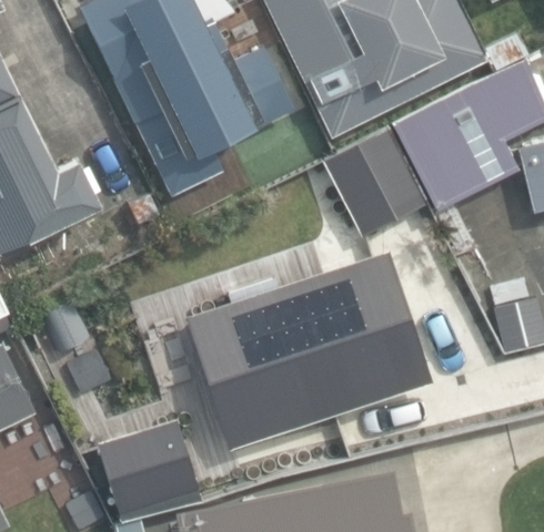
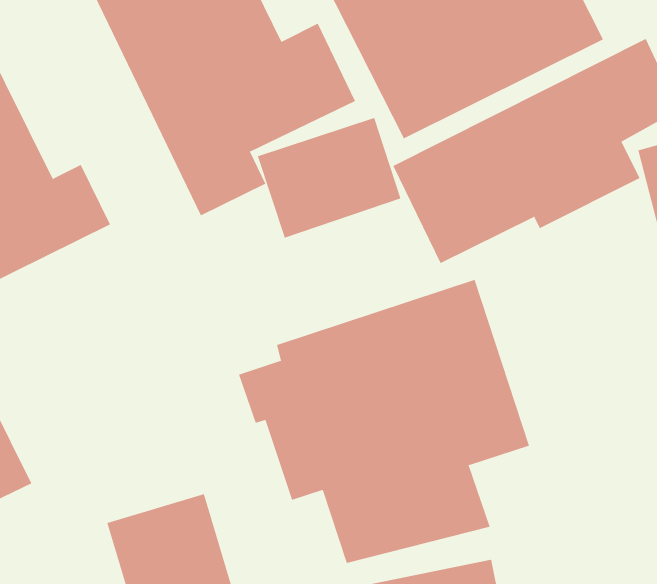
building: none -> [257,117,401,238]

